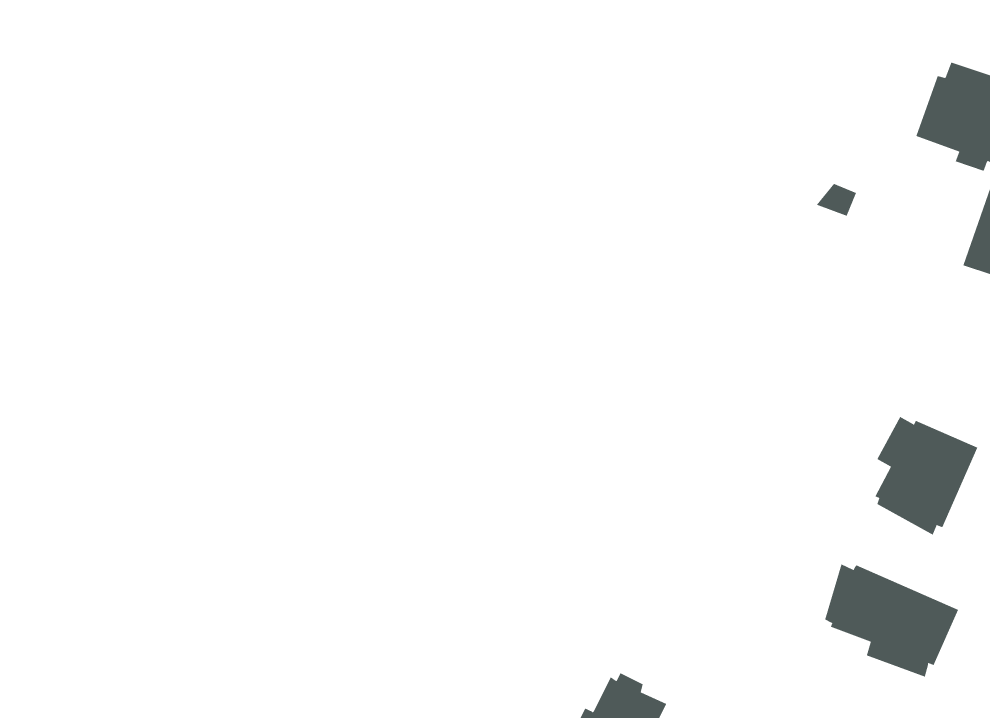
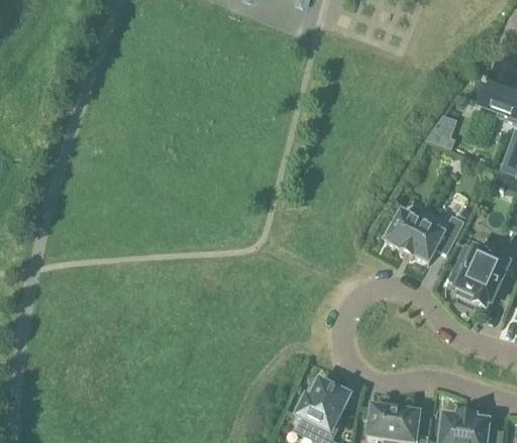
building: none -> [384,210,462,260]
building: [825,564,959,678] -> none

